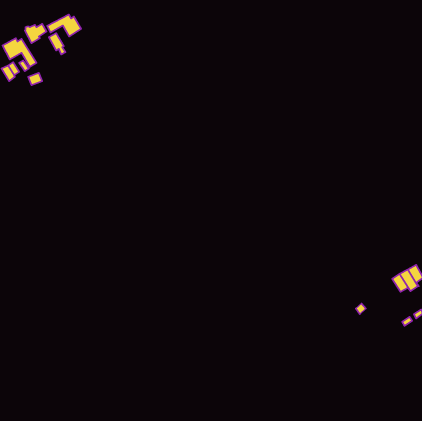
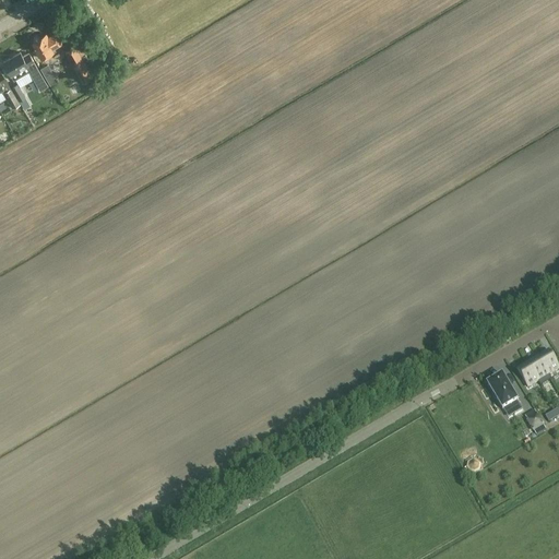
building: [47,14,81,36] -> none
building: none -> [489,373,520,408]

